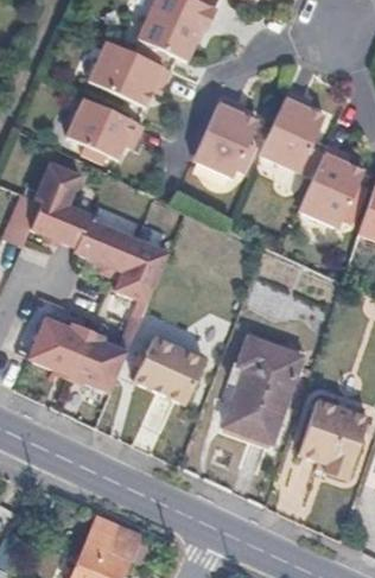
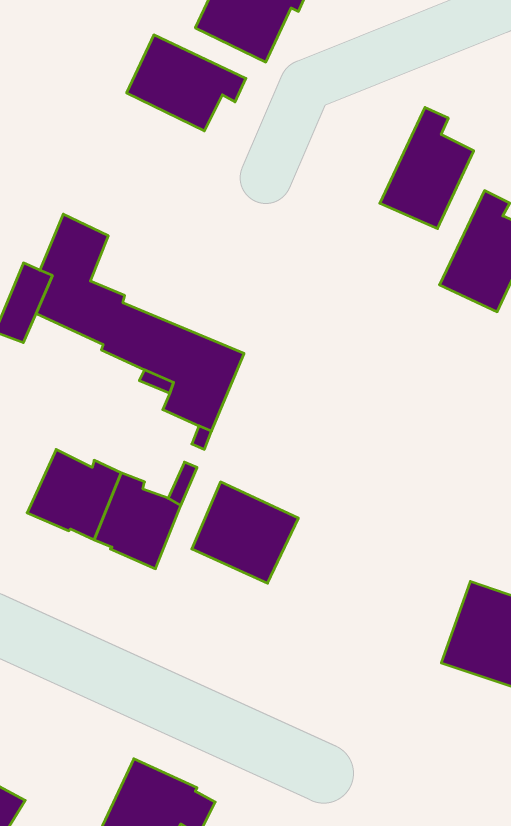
building: [192,95,255,174] -> none
building: [71,100,144,158] -> none
building: [224,337,303,442] -> none

